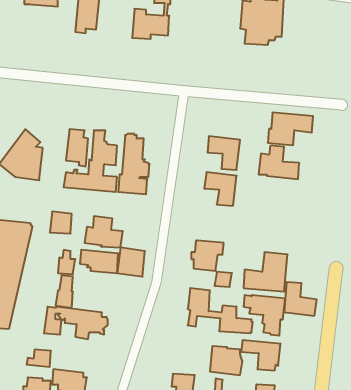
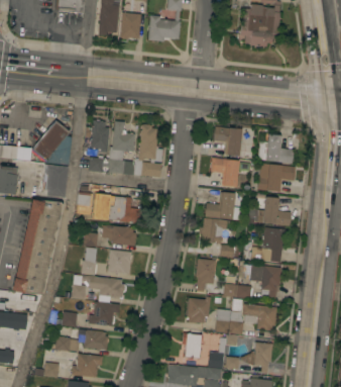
building: none -> [121,12,141,39]
building: [268,113,313,145] -> [257,164,297,192]
building: none -> [41,164,67,198]
building: none -> [205,192,241,220]
building: [117,248,145,277] -> [108,250,132,275]
building: [284,282,317,316] -> [263,197,292,226]
building: none -> [188,296,211,323]
building: none -> [89,302,120,326]

